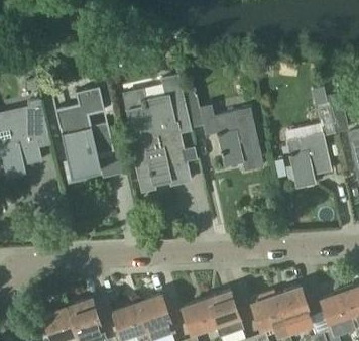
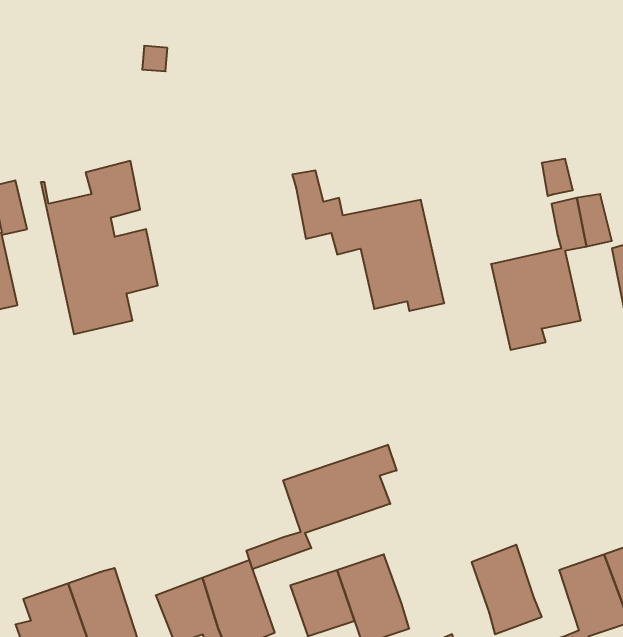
building: [127,76,192,192] -> none
building: none -> [246,445,397,569]
building: [252,296,285,330] -> none

